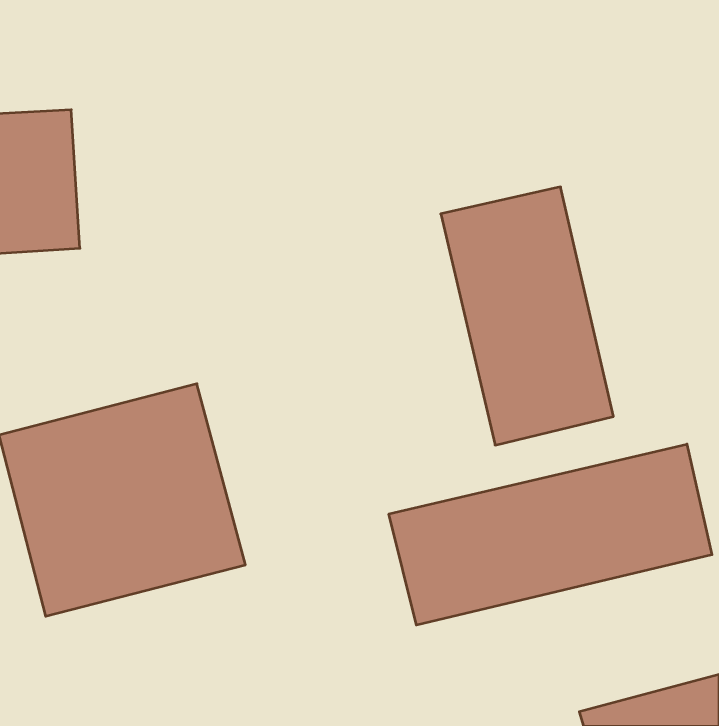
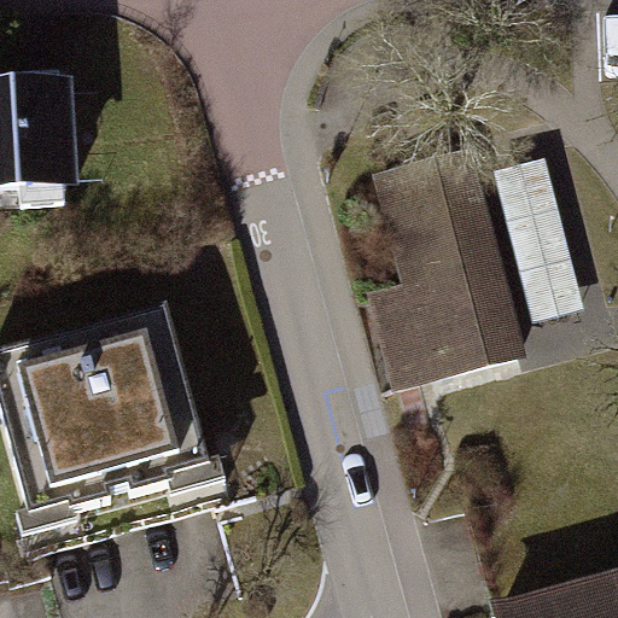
building: none -> [490,150,585,320]
building: [389,444,712,625] -> none

